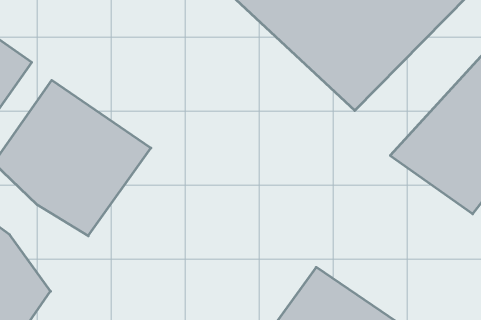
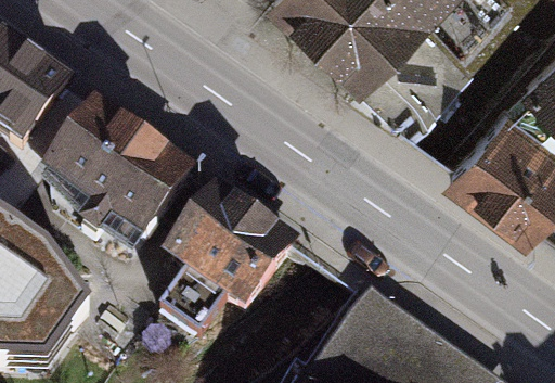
building: none -> [160,180,301,334]

